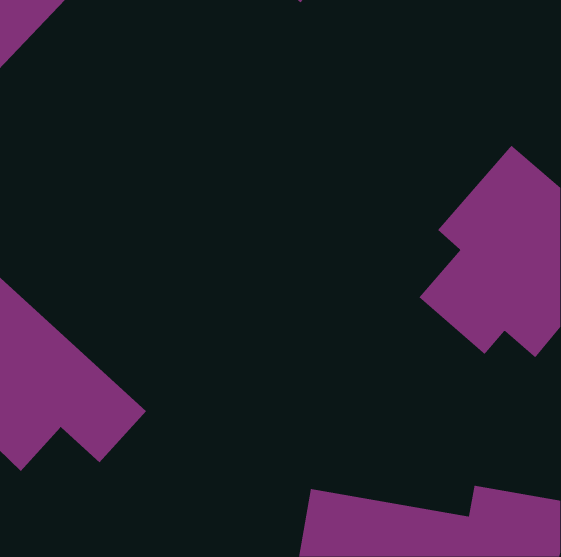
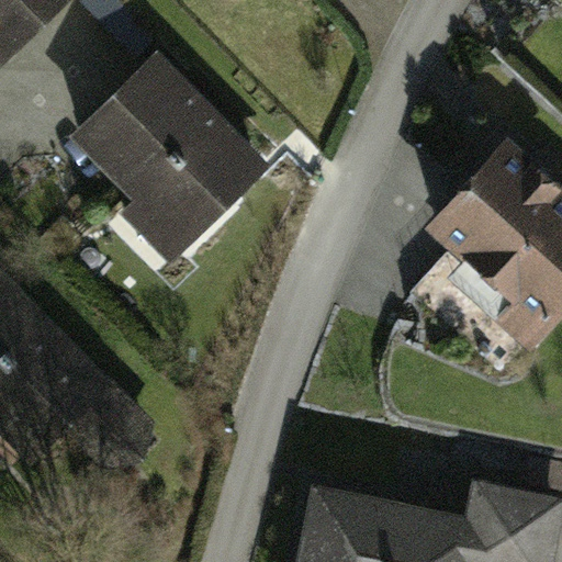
building: none -> [81,67,267,266]

